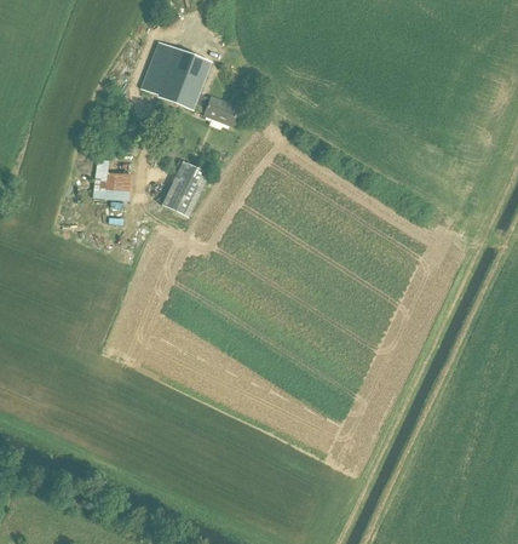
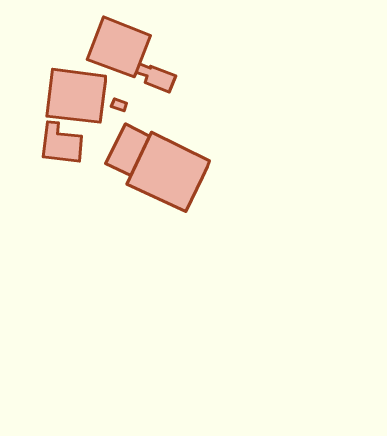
building: none -> [47,69,105,122]
building: none -> [127,132,210,212]

